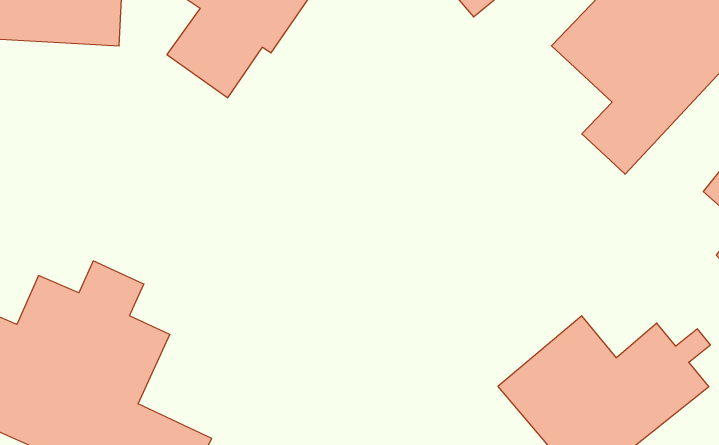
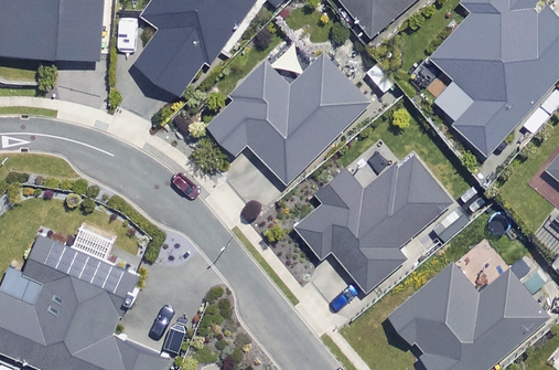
building: none -> [207,54,369,183]
building: none -> [294,152,452,295]

